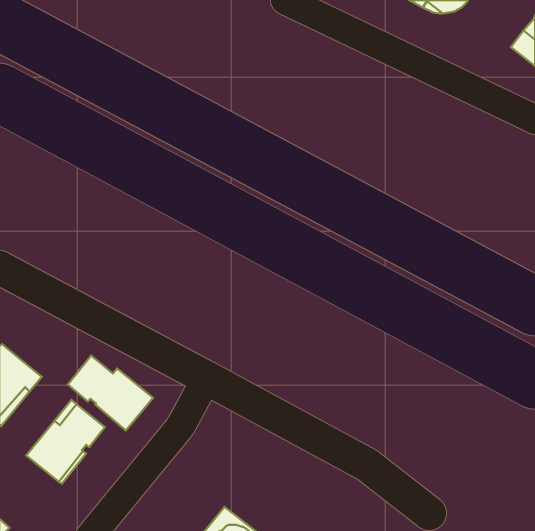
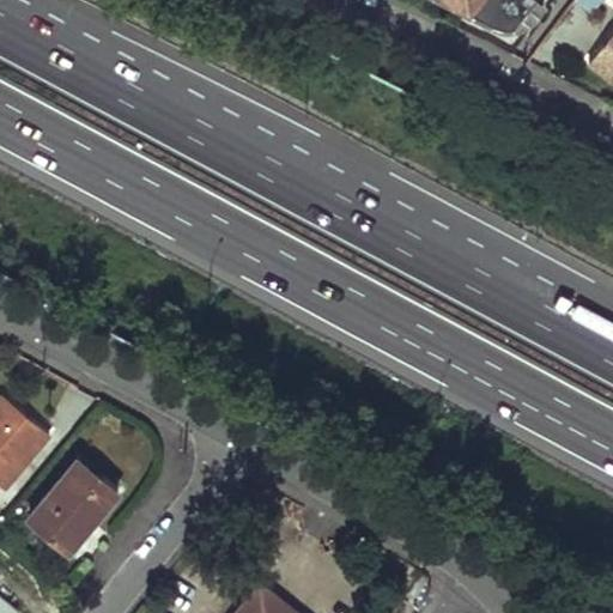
building: [68,356,153,431] -> none

